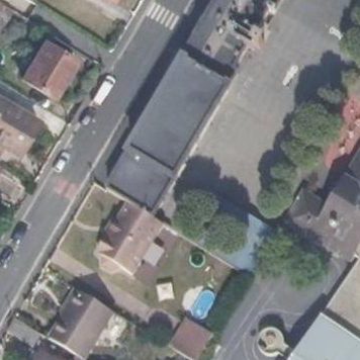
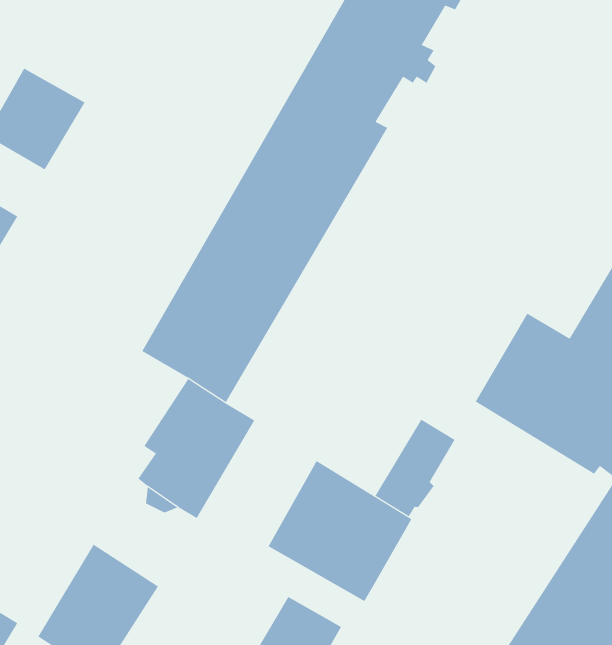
building: none -> [268,460,412,602]

